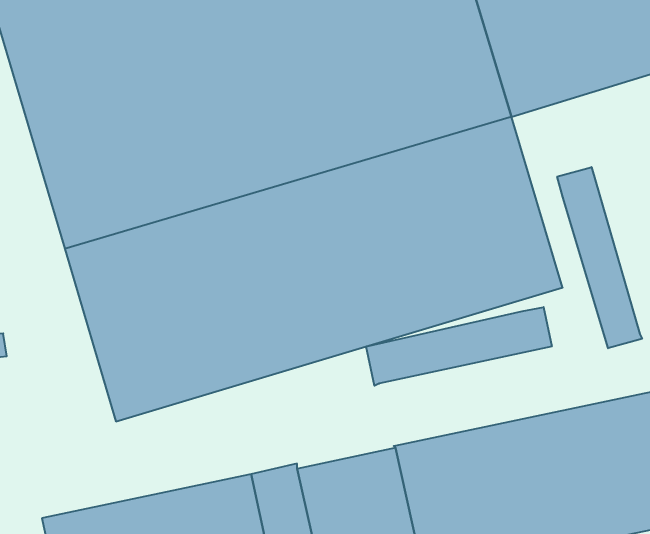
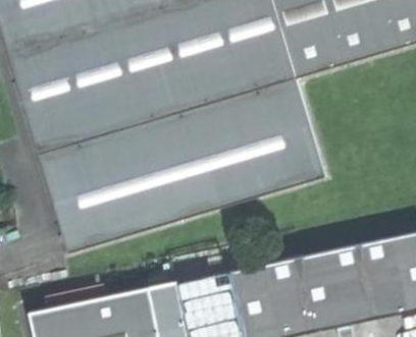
building: [557,167,642,348] -> none
building: [366,307,552,386] -> none

